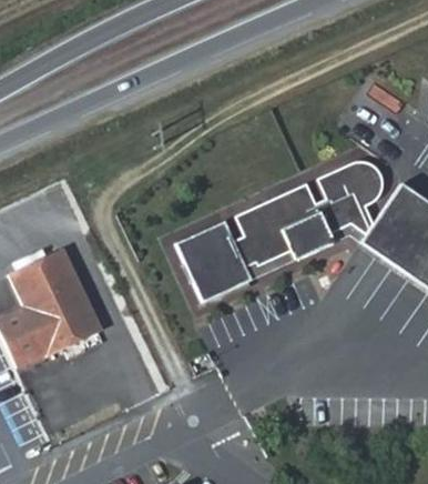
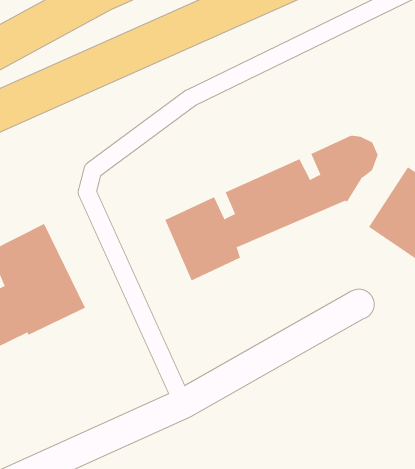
building: [354,184,411,250] -> none

